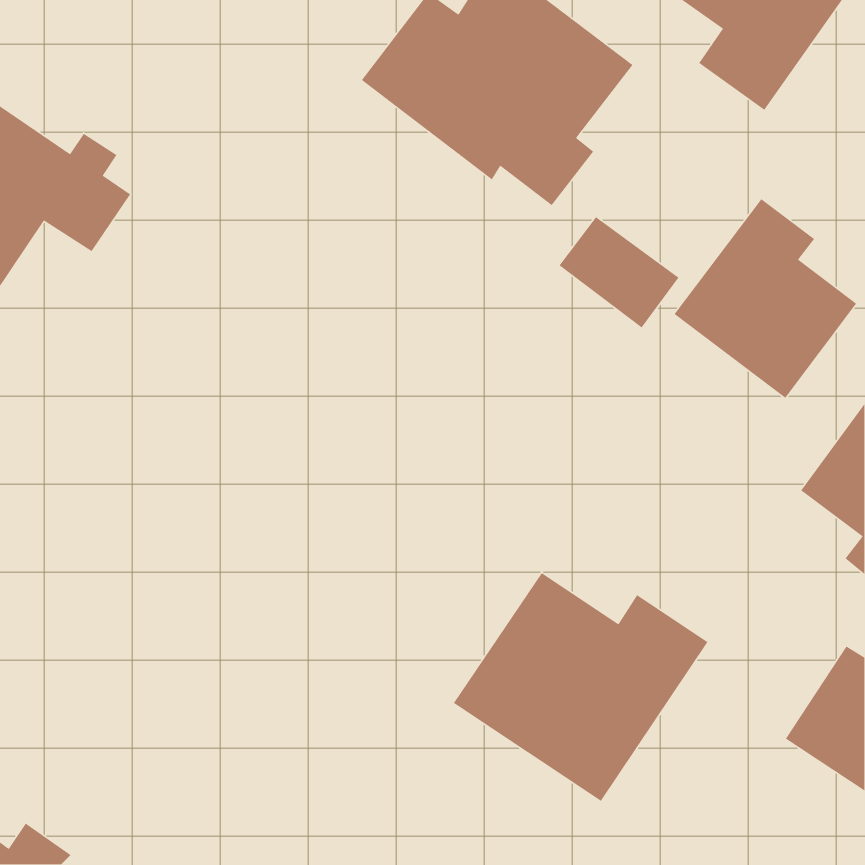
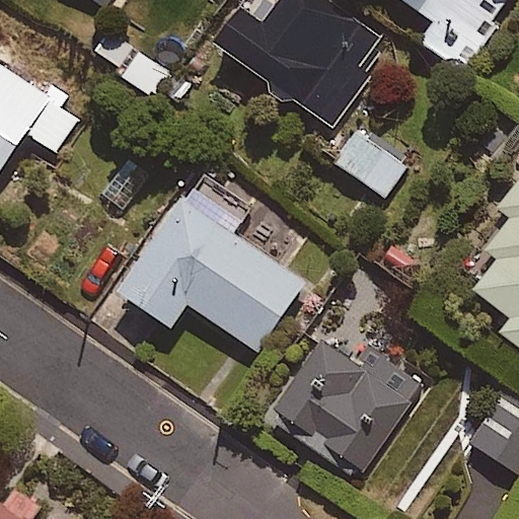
building: [674,198,857,399] -> none
building: none -> [121,181,304,351]

